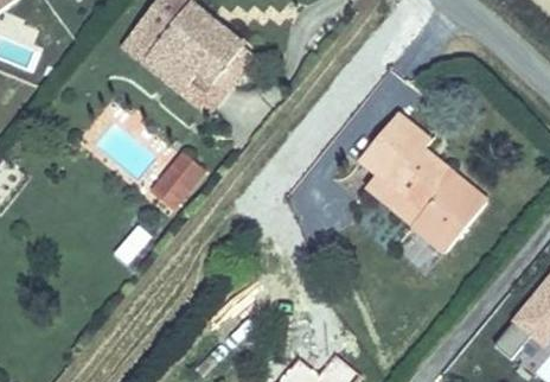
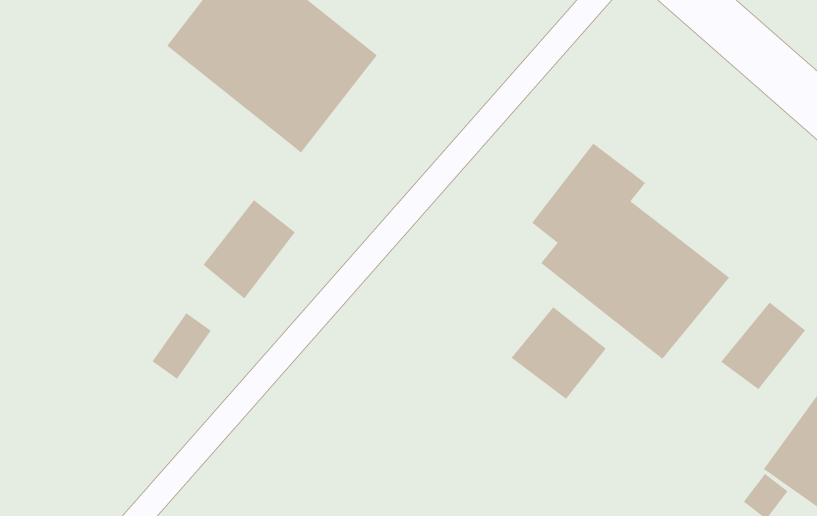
building: none -> [720,301,806,390]
building: none -> [511,306,607,400]

